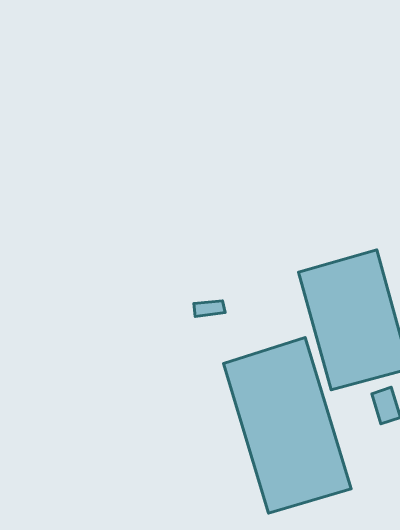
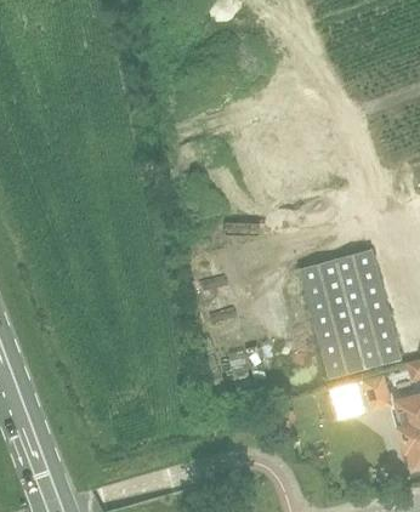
building: [223,338,351,513] -> none

